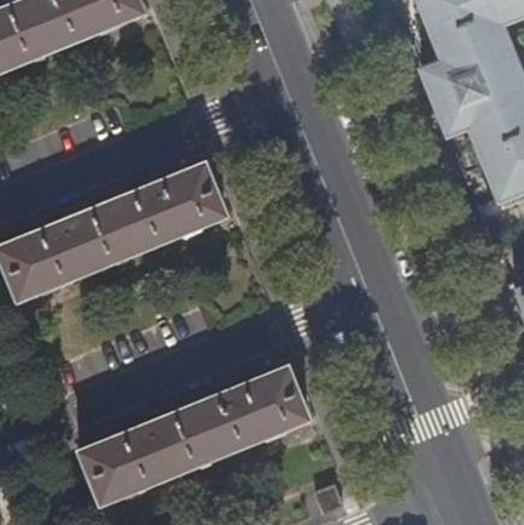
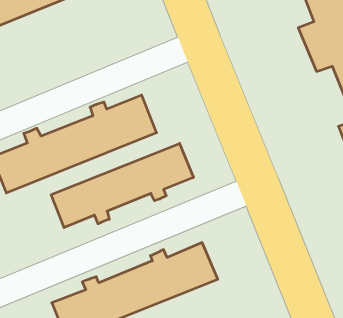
building: none -> [51,143,193,228]

